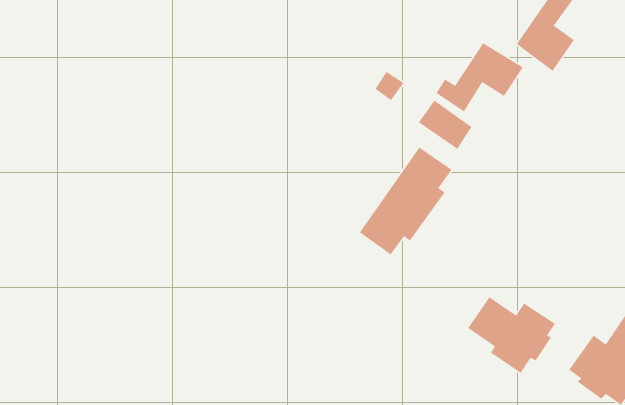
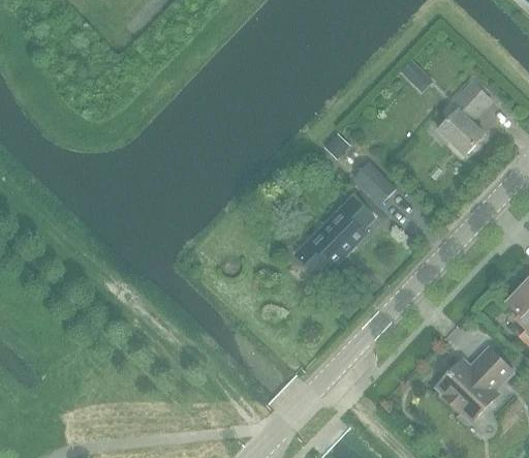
building: [436,42,524,112] -> none
building: [467,296,556,374] -> none

